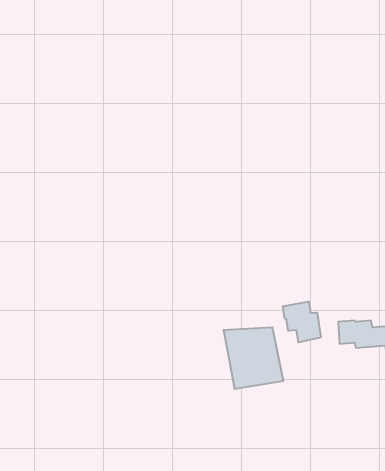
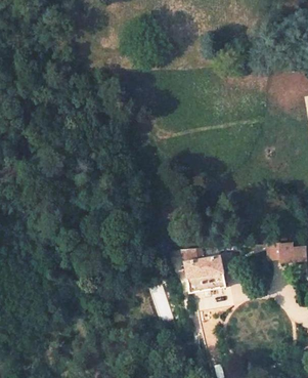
building: [283,301,321,342] -> none

